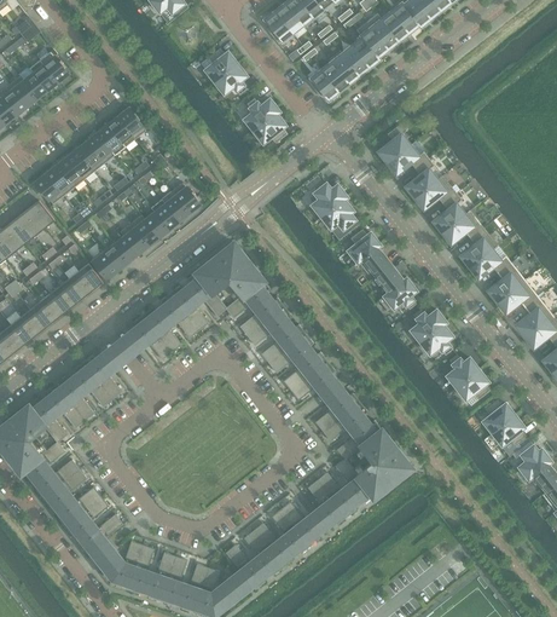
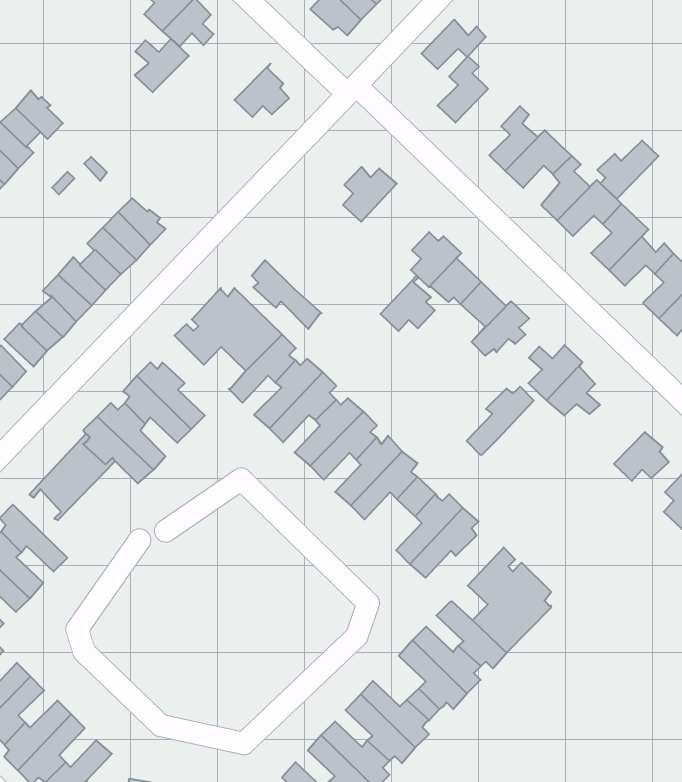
building: [243,98,278,131] -> [135,39,189,92]
building: [387,145,428,174] -> [421,20,486,69]
building: none -> [597,140,659,199]
building: [320,196,354,229] -> [380,276,435,331]
building: [186,271,226,317] -> [252,260,322,329]
building: [82,354,121,399] -> none
building: [446,354,477,387] -> none
building: [336,420,381,459] -> [467,387,534,455]

